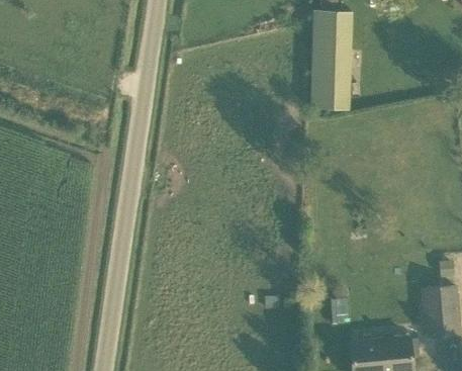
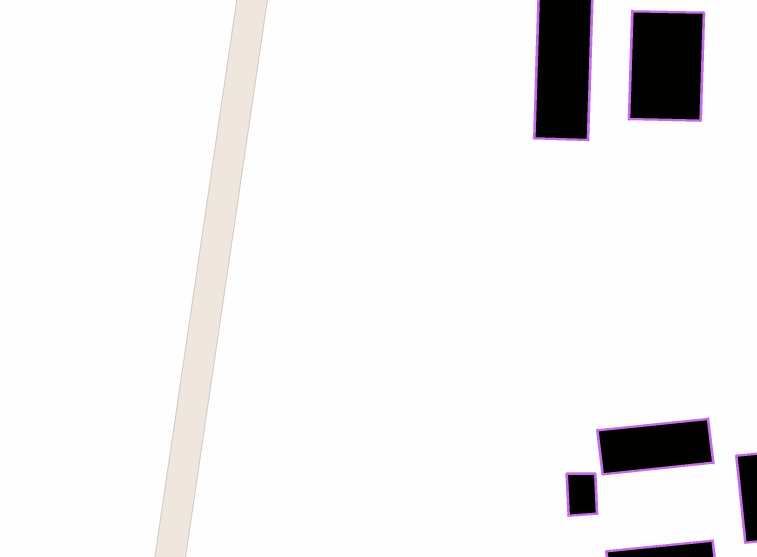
building: none -> [629,11,704,121]
building: none -> [598,419,713,474]

